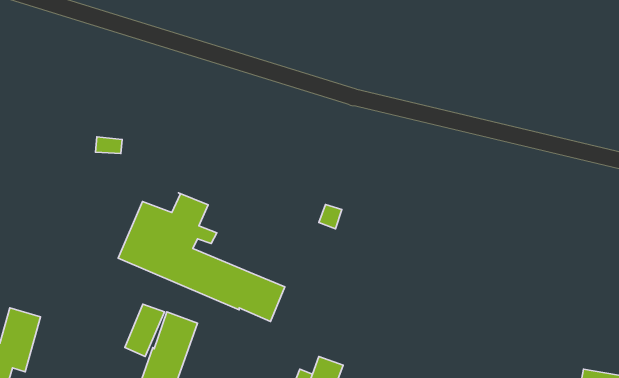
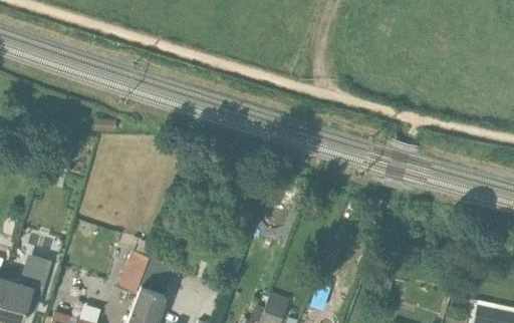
building: [118,193,285,321] -> none

